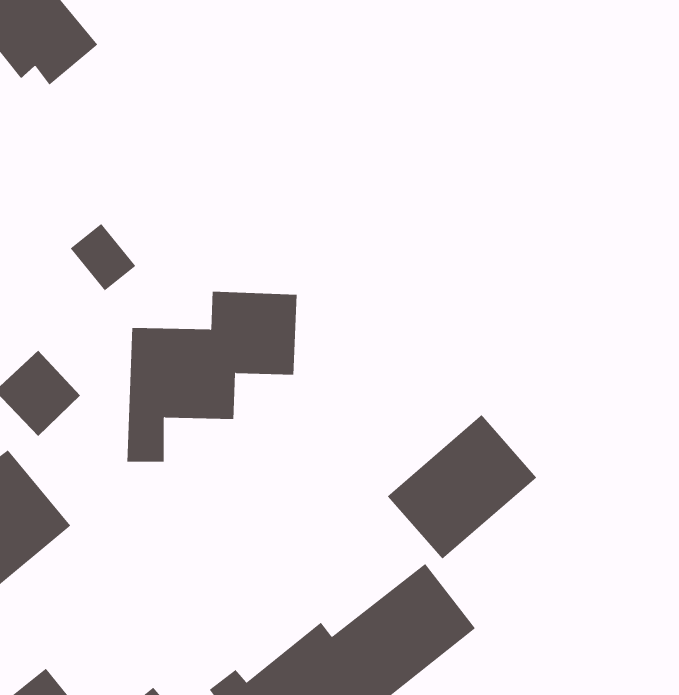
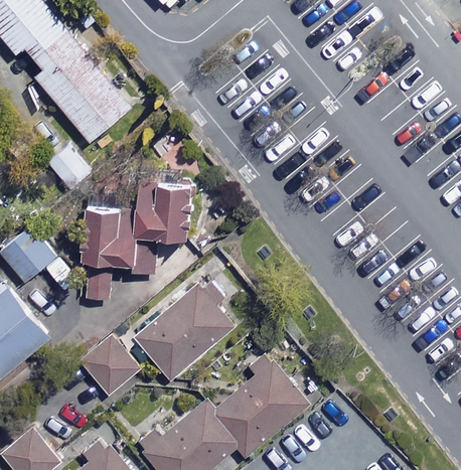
building: none -> [33,32,130,144]
building: [387,414,537,560] -> [135,286,231,378]
building: none -> [82,338,138,395]

